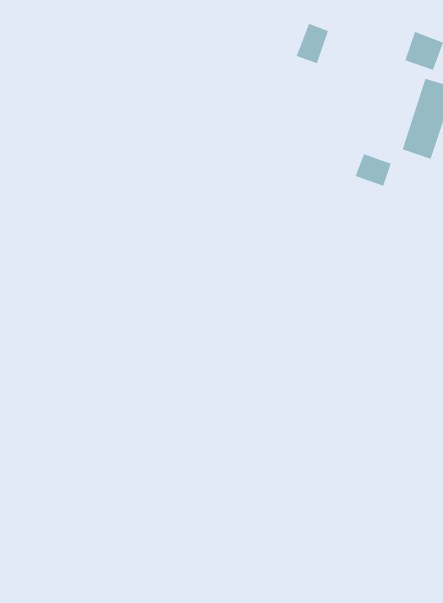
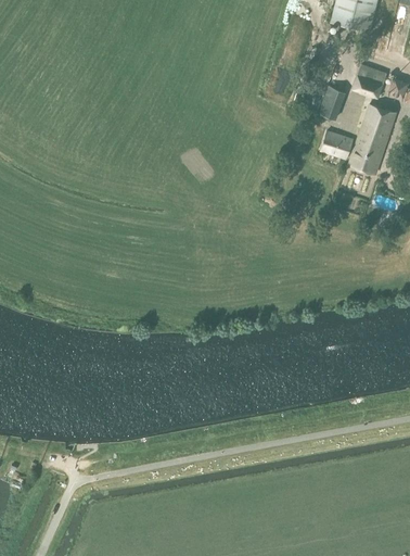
building: [296,23,329,64] -> [320,84,348,118]
building: [355,153,392,186] -> [322,129,354,157]

